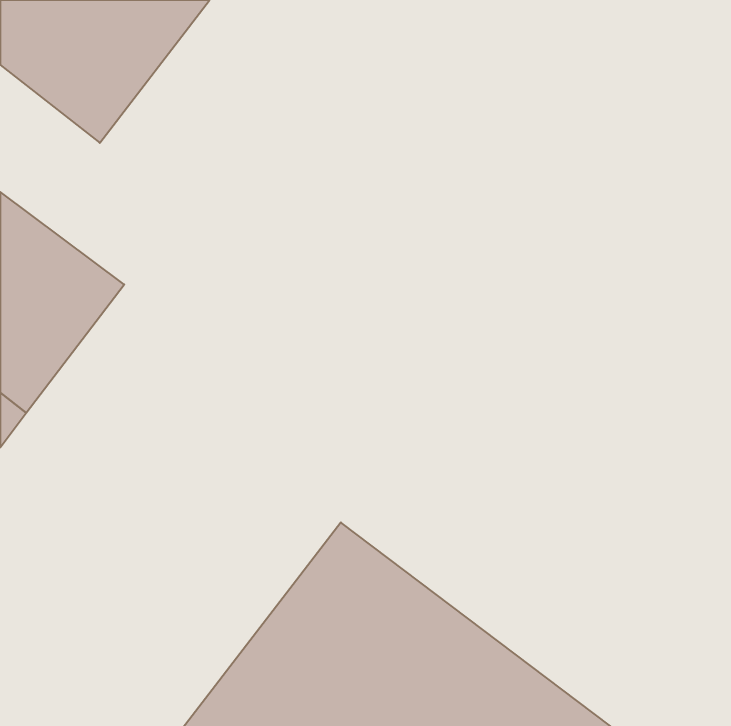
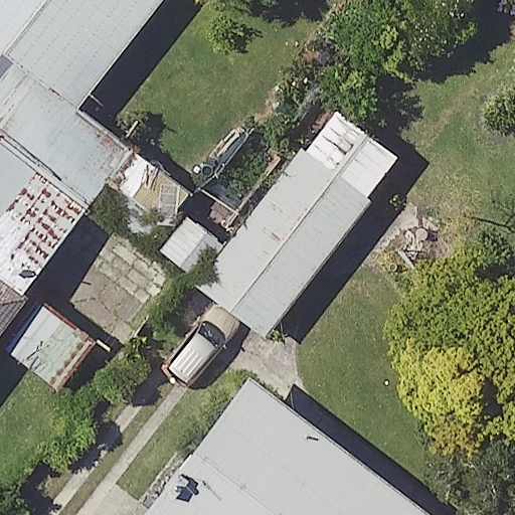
building: none -> [198,148,370,336]

